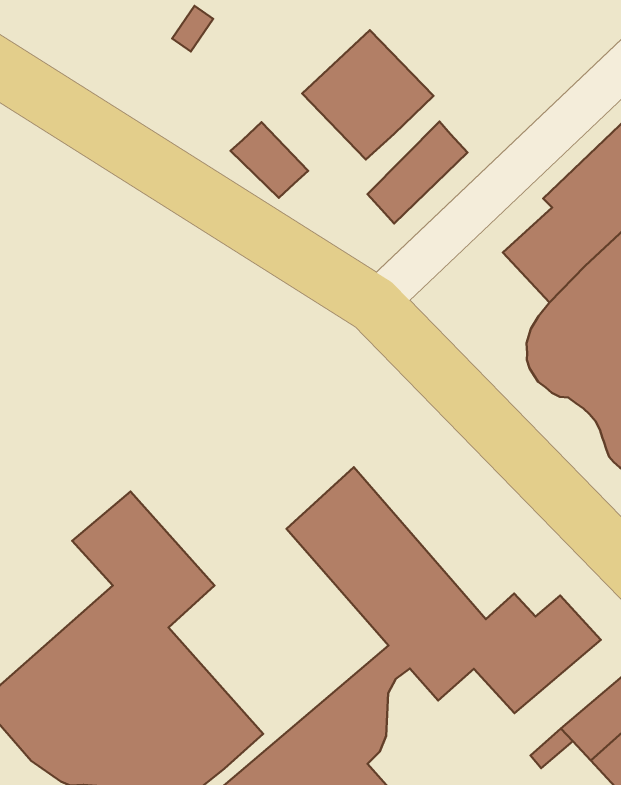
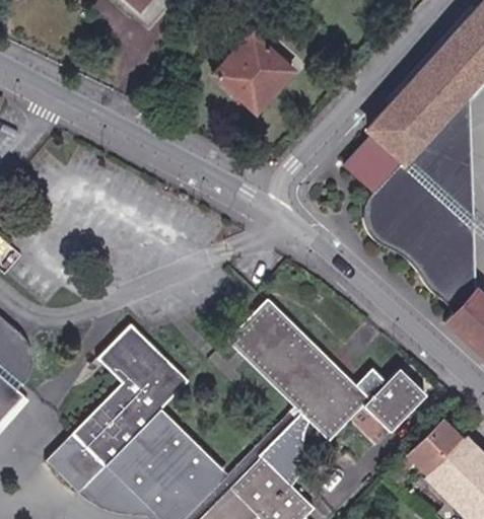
building: [368,122,468,223] -> none
building: [230,122,308,198] -> none

